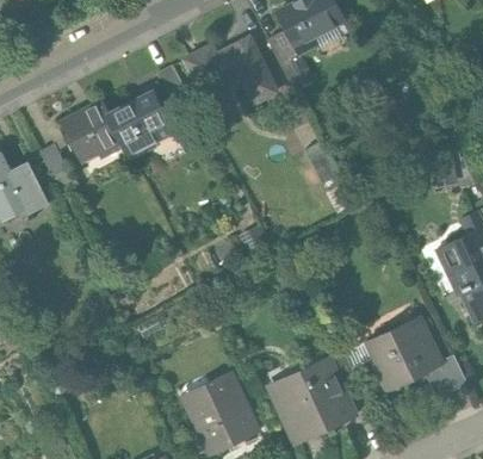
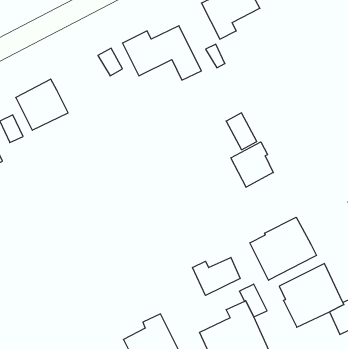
building: [107,91,172,154] -> none
building: none -> [231,142,273,187]
building: none -> [250,217,316,280]
building: none -> [193,257,240,295]

